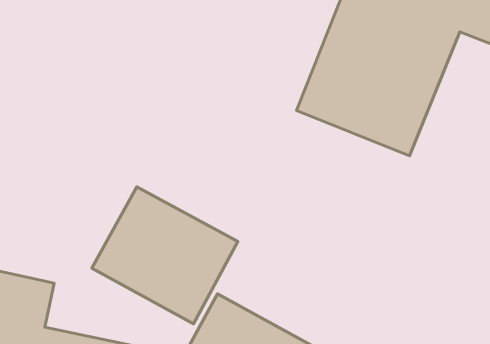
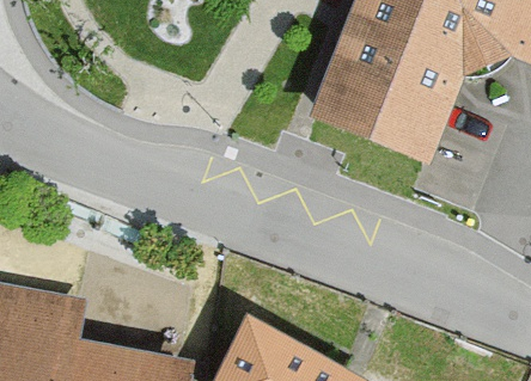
building: [92,187,238,324] -> none

